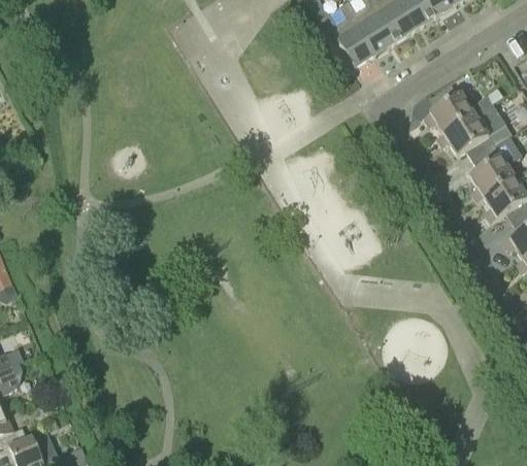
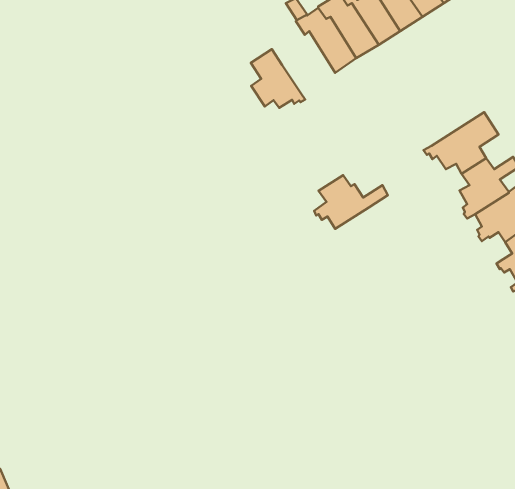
building: none -> [251,49,305,108]
building: [424,85,492,134] -> [314,175,388,229]

